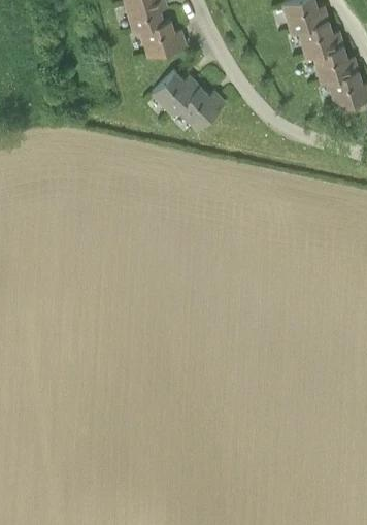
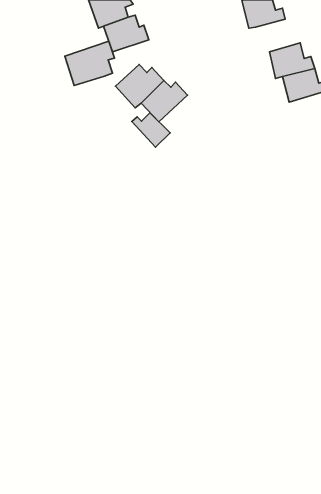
building: [298,24,344,60] -> none
building: none -> [65,41,114,86]
building: none -> [132,113,170,147]

